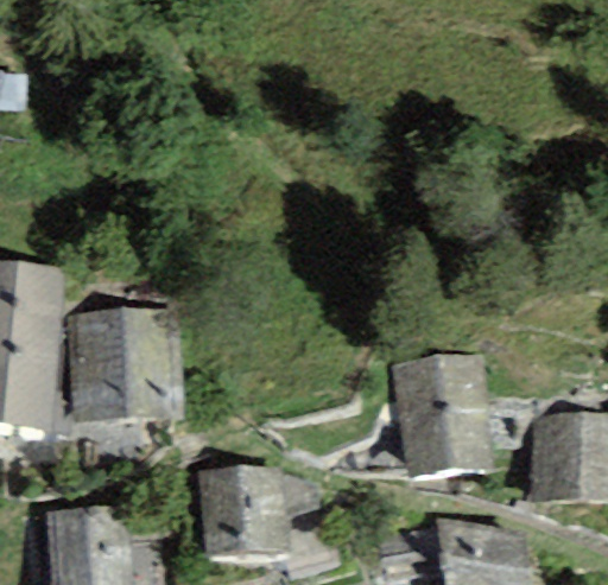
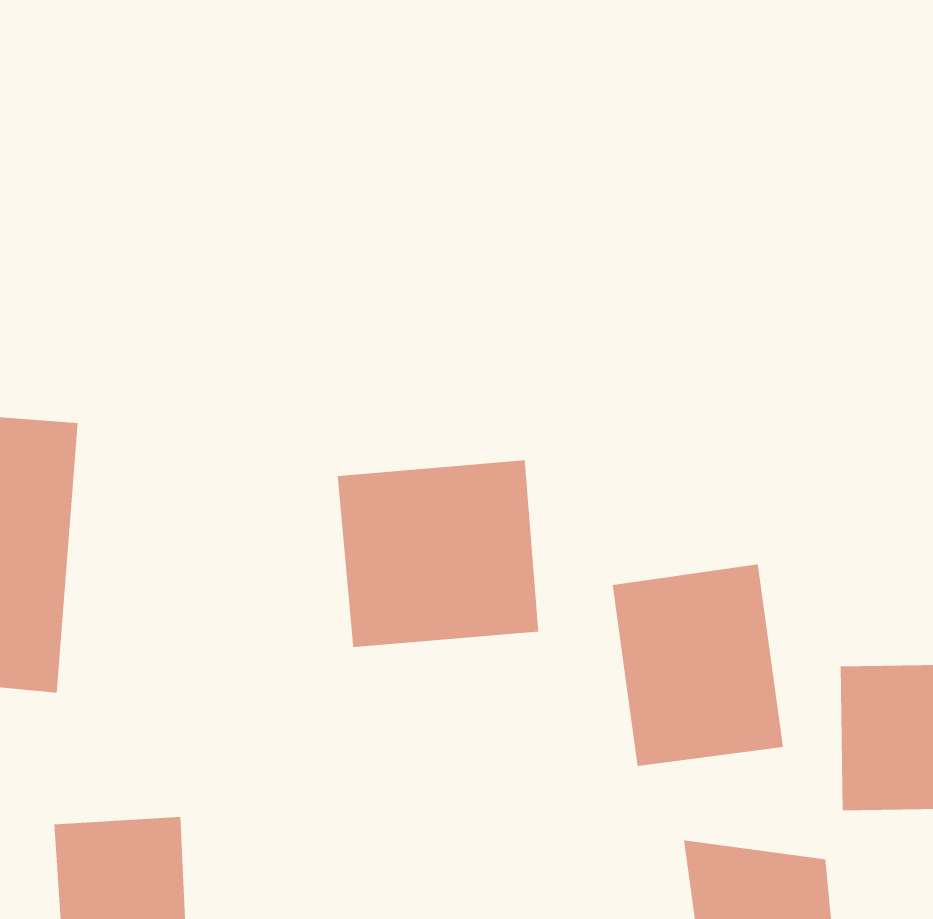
building: none -> [337,459,539,648]
building: [68,307,175,425] -> none
building: [198,470,287,561] -> none

